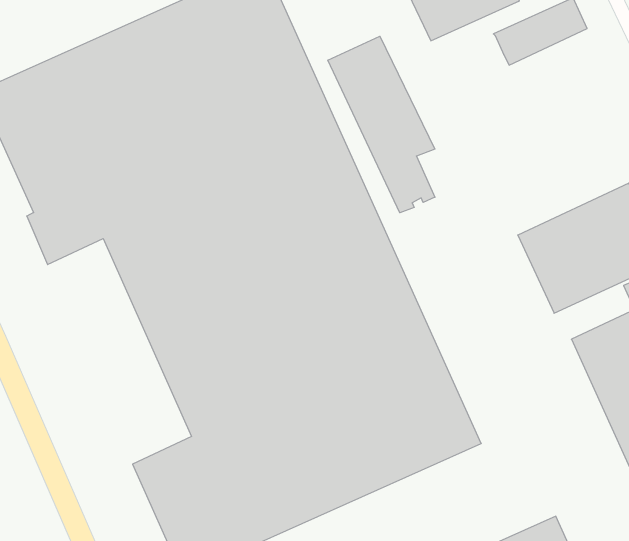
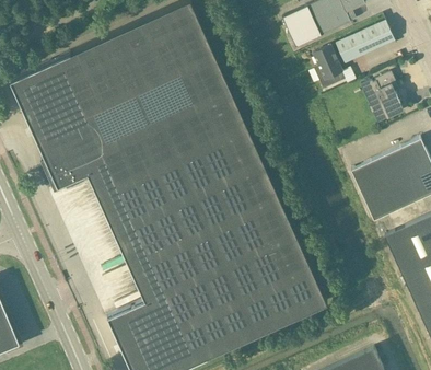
building: [328,36,435,213] -> none
building: none -> [313,46,342,81]
building: none -> [360,73,401,124]

